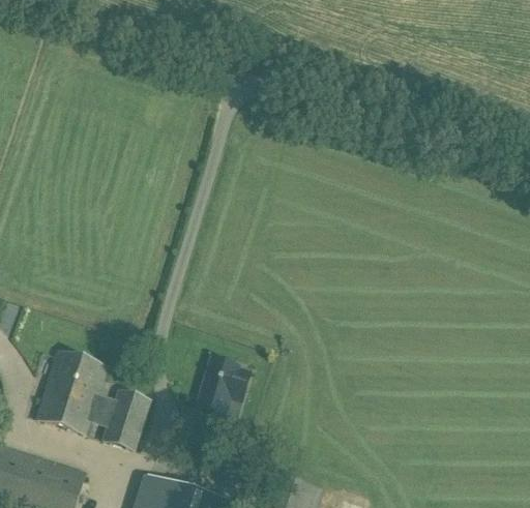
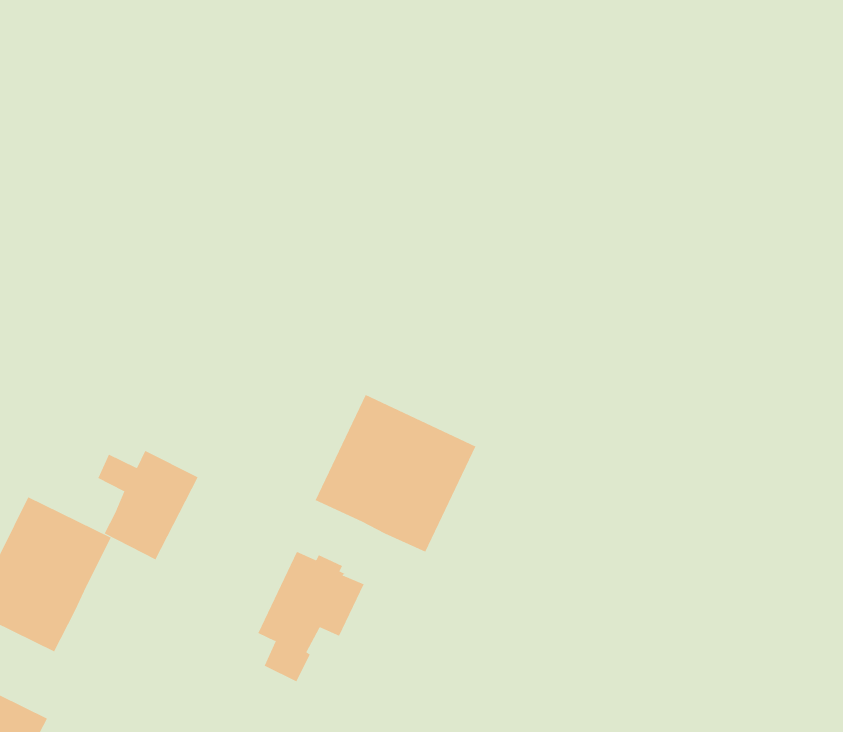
building: none -> [315,394,476,552]
building: [94,389,150,449] -> [97,450,199,560]

